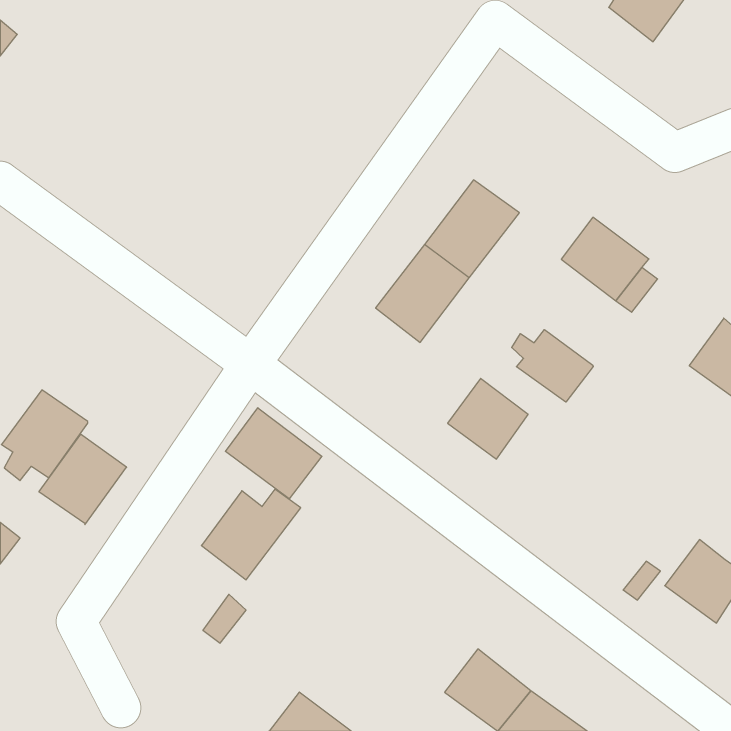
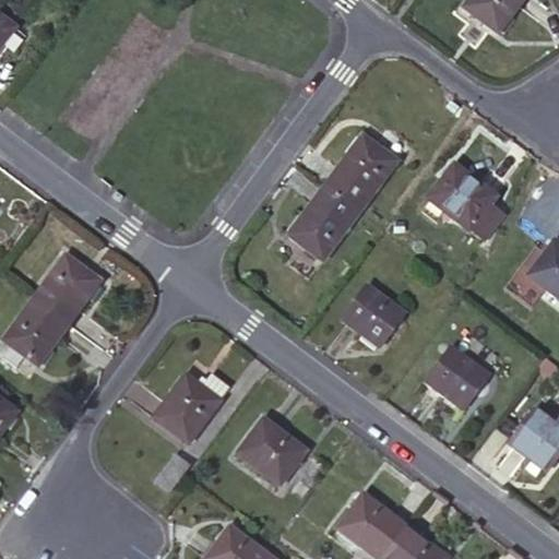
building: [512,330,593,402] -> none
building: [225,408,322,499] -> none
building: [39,434,127,525] -> [35,252,102,321]
building: none -> [425,347,489,411]
building: none -> [240,416,306,481]

